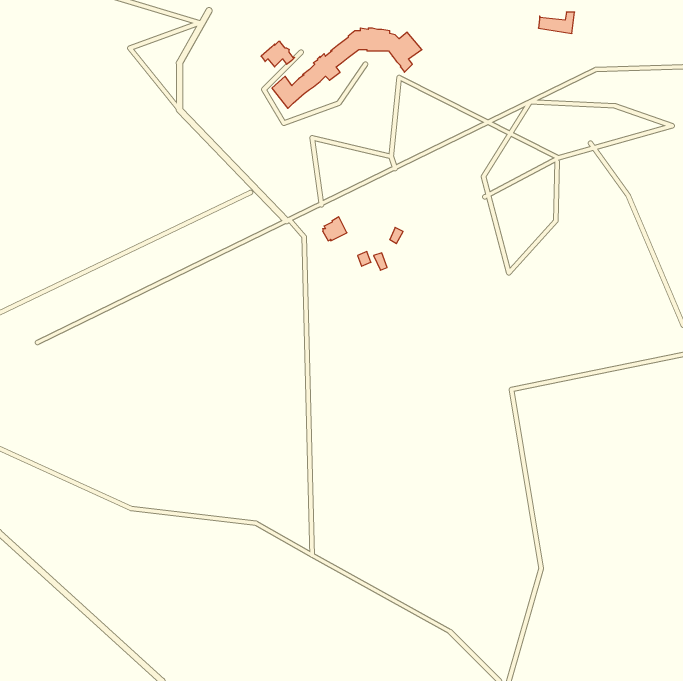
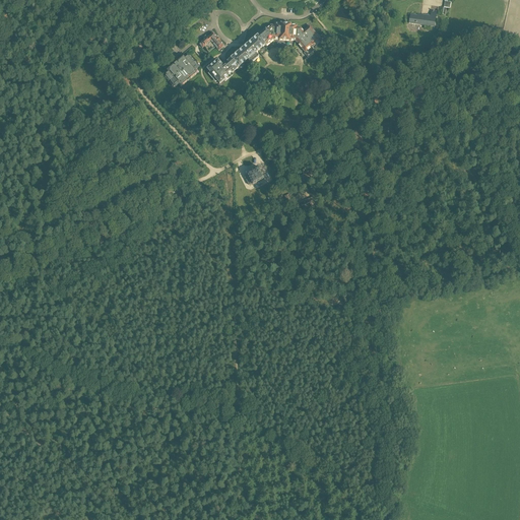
building: none -> [166,51,203,85]

